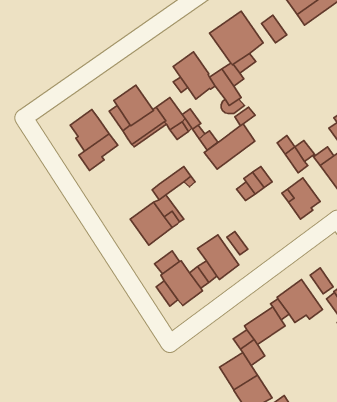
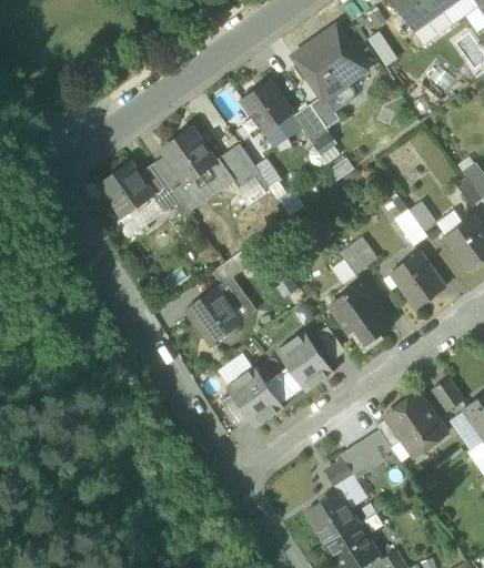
building: none -> [140,162,180,209]
building: [204,124,255,169] -> none
building: none -> [327,282,391,345]

